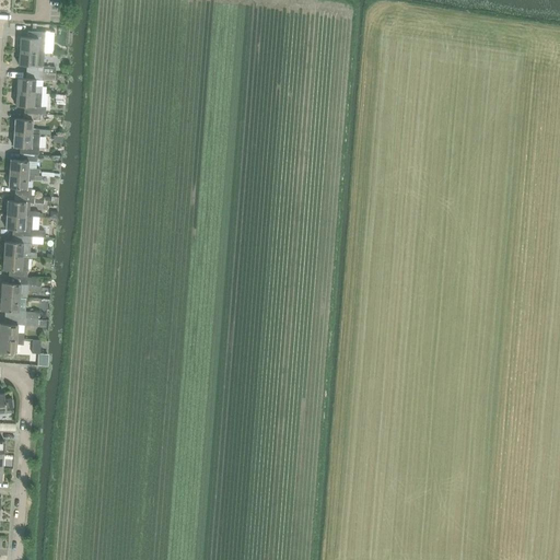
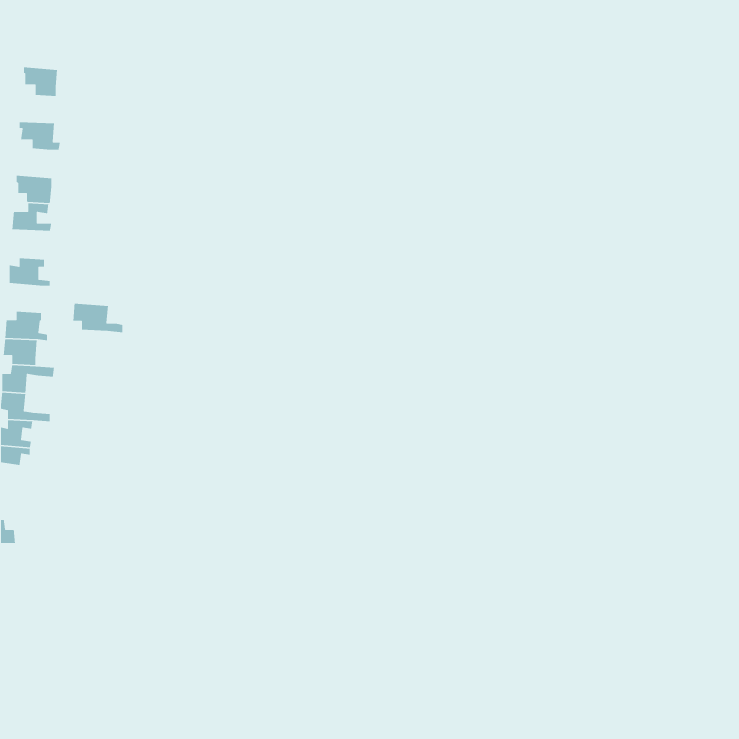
building: [18,31,45,52] -> none
building: [14,72,56,93] -> none
building: [12,113,50,135] -> none
building: [9,174,42,196] -> none
building: [5,214,44,237] -> [73,303,123,333]

